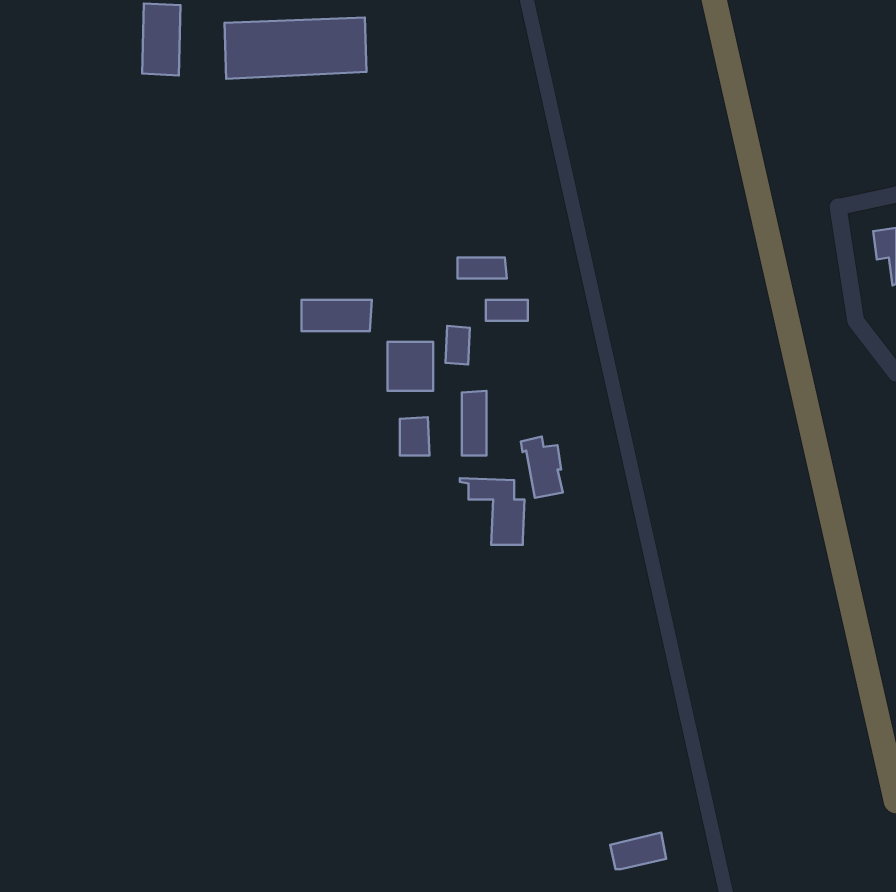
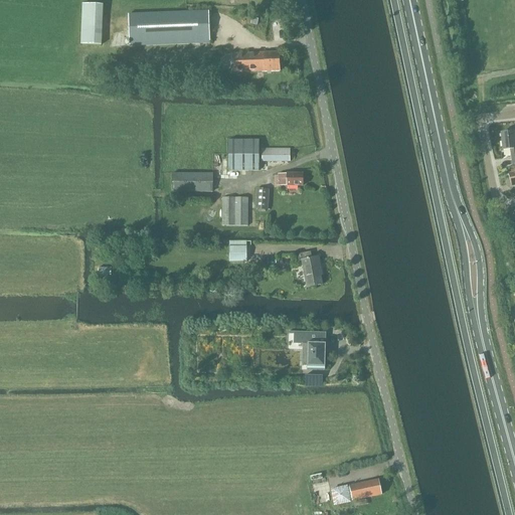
building: none -> [232,51,281,71]
building: none -> [228,139,260,170]
building: [462,391,487,456] -> none
building: [460,478,525,545] -> [289,330,326,368]

